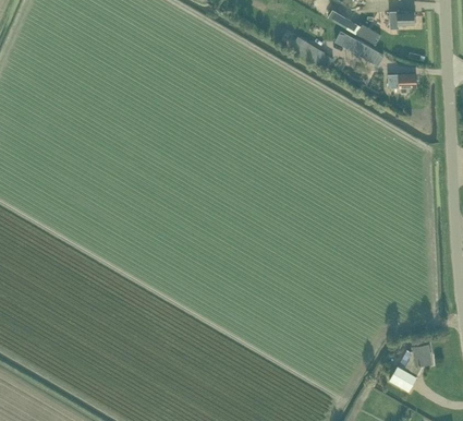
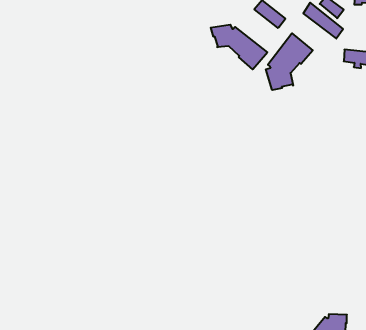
building: none -> [266,33,313,90]
building: none -> [211,25,267,69]

